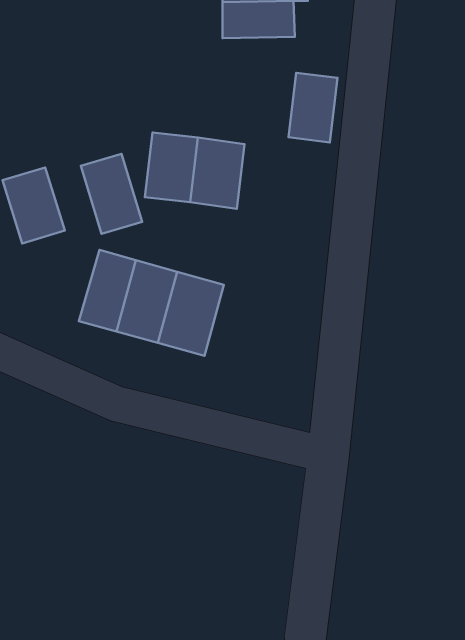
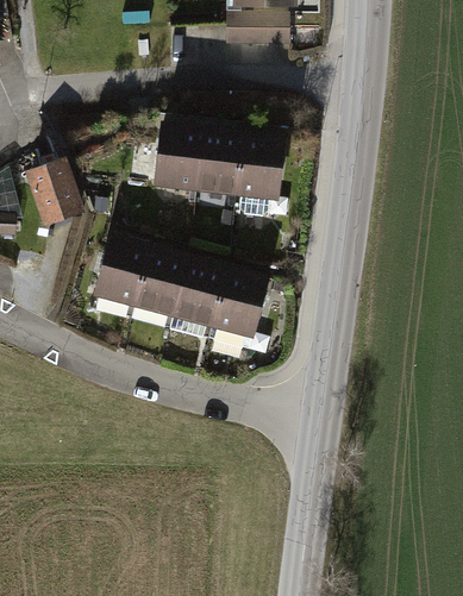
building: [288,73,338,142] -> [237,137,282,201]
building: [81,154,142,234] -> none
building: none -> [207,266,269,344]

